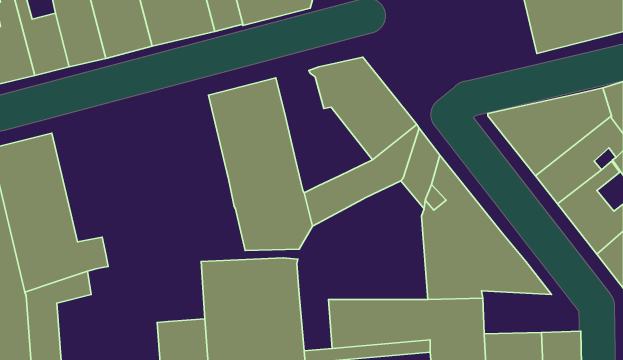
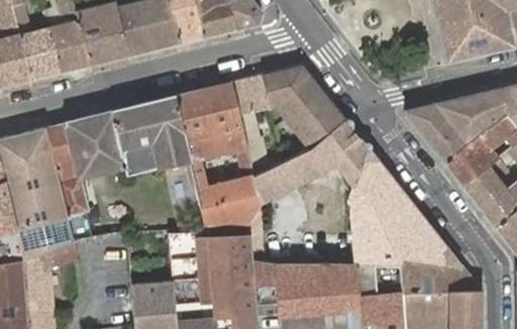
building: none -> [229,76,269,177]
building: none -> [44,96,196,217]
building: none -> [399,257,481,293]

